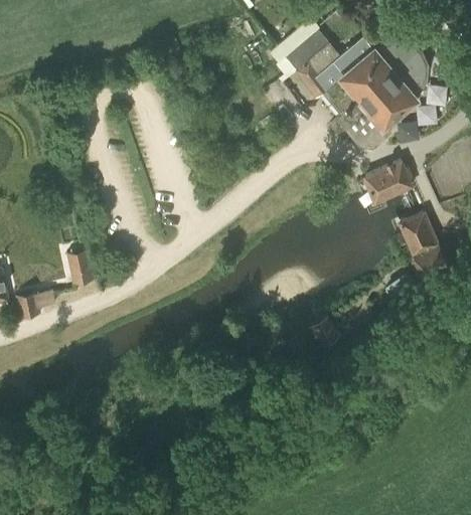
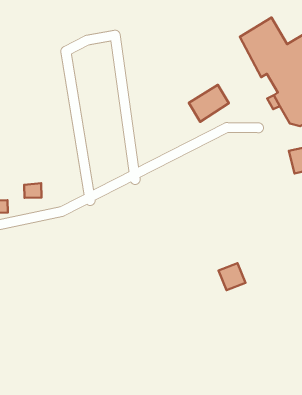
building: none -> [189,85,229,122]

